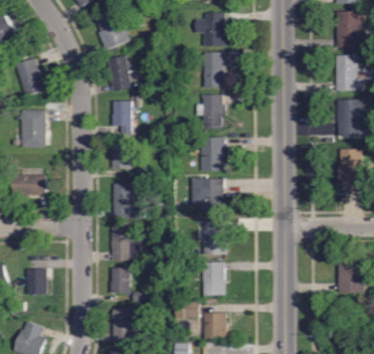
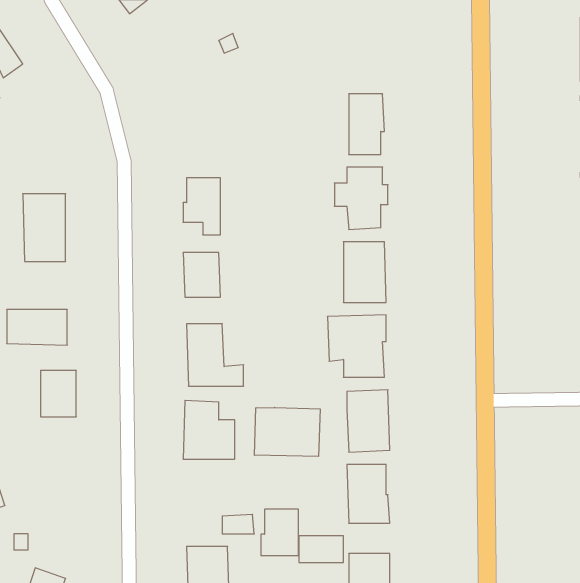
building: [95,9,130,51] -> none
building: [194,13,224,46] -> none
building: [107,56,131,92] -> none
building: [15,58,44,97] -> none
building: none -> [254,407,320,456]
building: [110,268,131,294] -> [261,509,298,556]
building: [27,269,47,295] -> [41,370,76,417]

